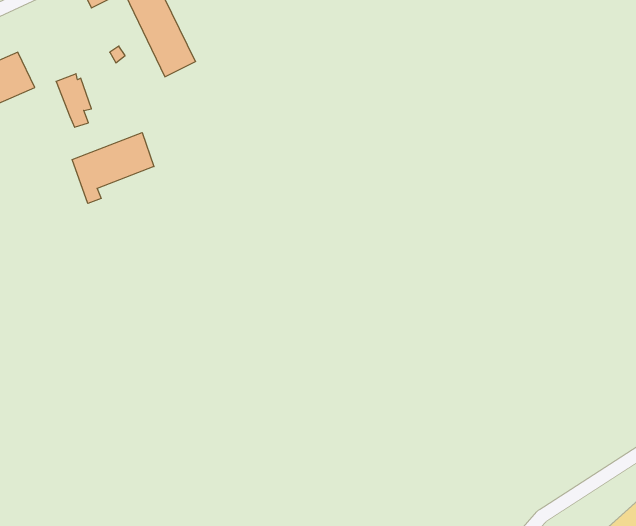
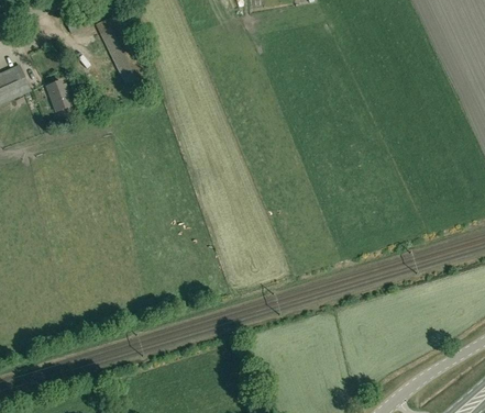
building: [72,133,154,203] -> none

